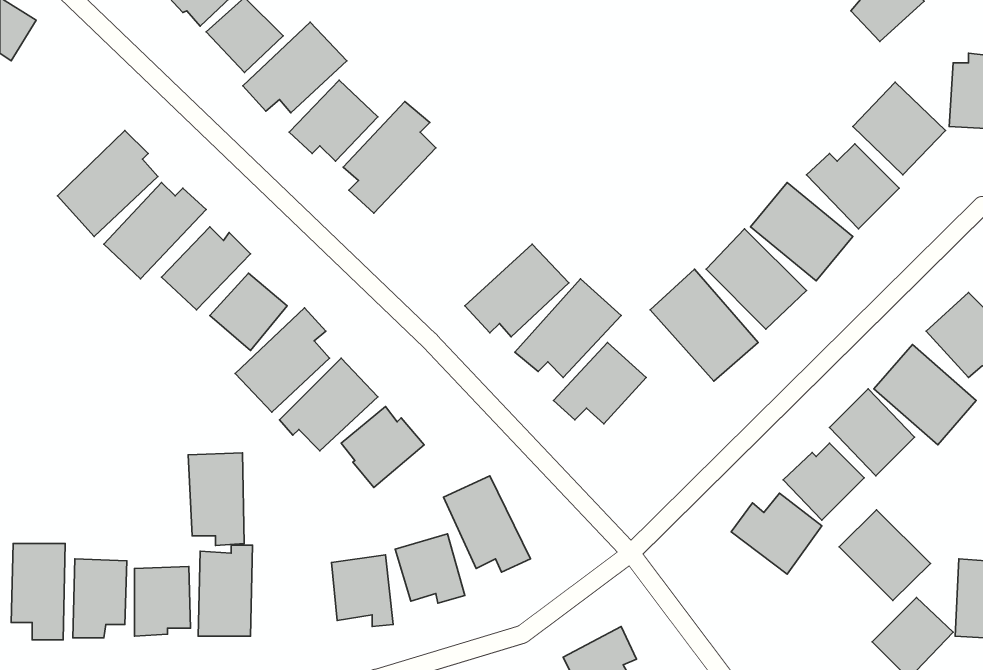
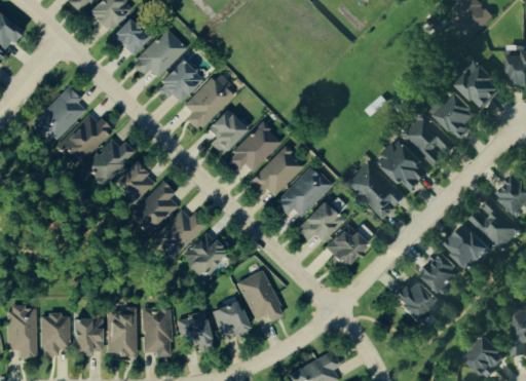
building: none -> [206,109,247,155]
building: none -> [226,122,280,172]
building: none -> [324,224,368,268]
building: [188,453,244,546] -> [141,308,171,357]
building: [839,510,930,601] -> none

